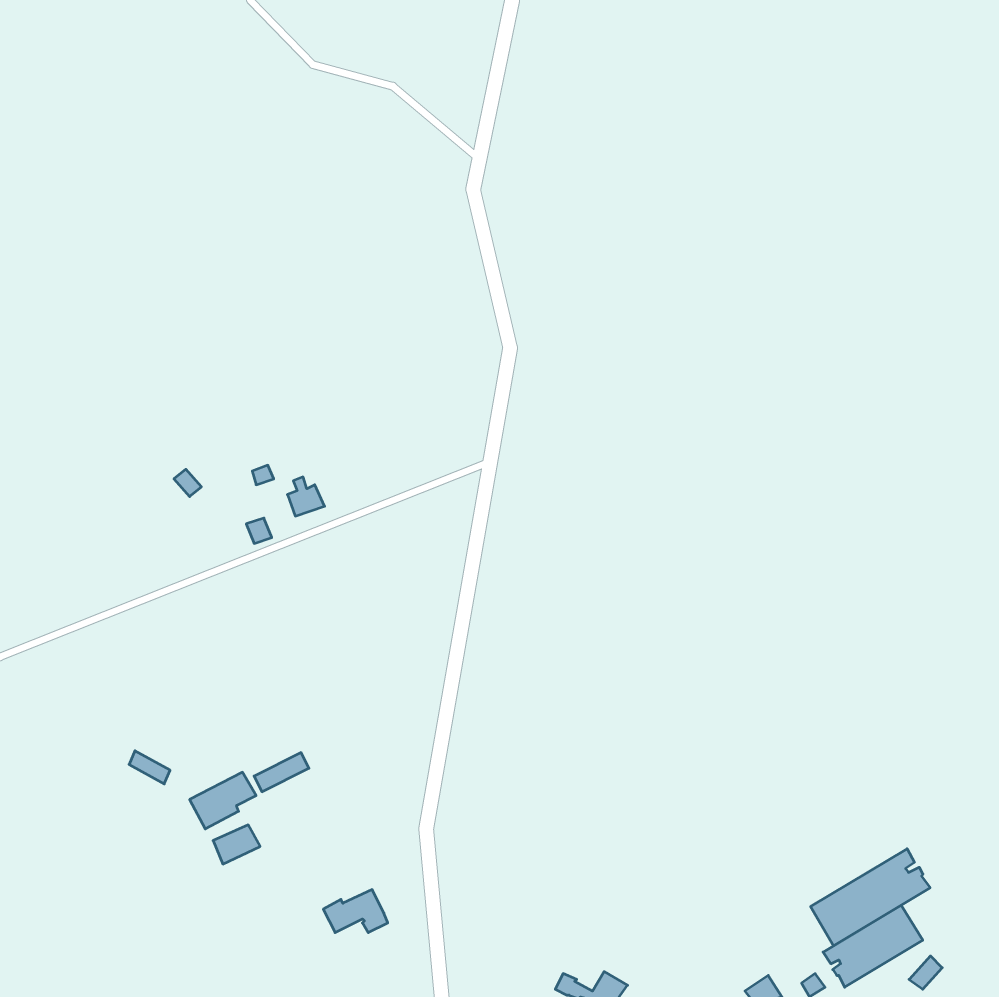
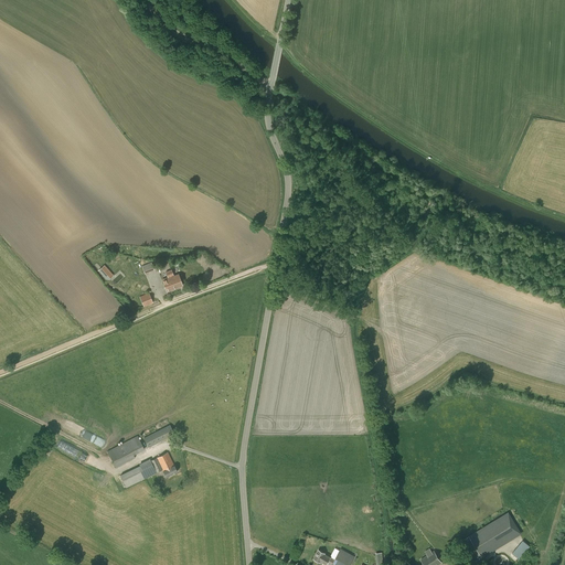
building: [811,849,930,946] -> none
building: [323,890,388,933] -> [140,454,177,478]

